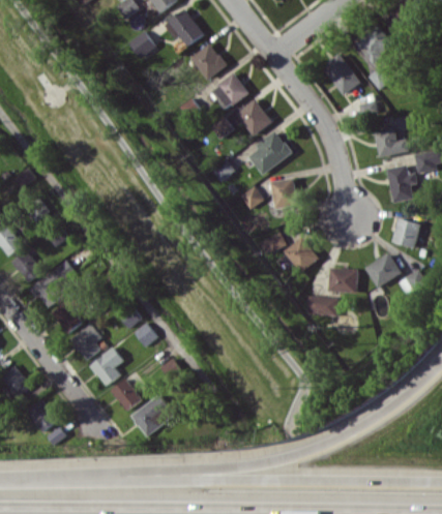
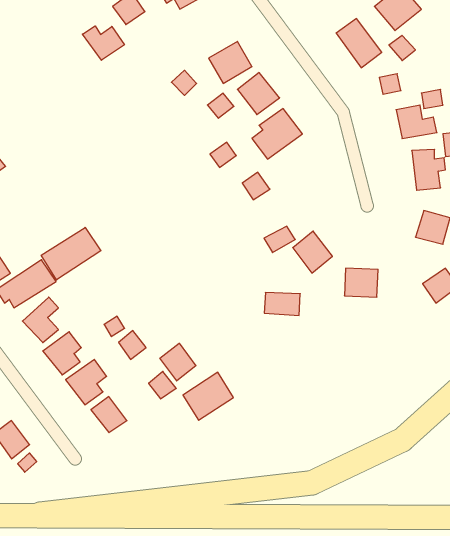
building: [190,42,227,80] -> none
building: none -> [82,26,124,60]
building: [270,178,296,208] -> none
building: none -> [41,227,101,280]
building: [363,252,400,286] -> none
building: [306,296,337,315] -> [264,293,300,315]
building: none -> [160,343,196,381]
building: [130,394,174,435] -> [183,372,233,420]

